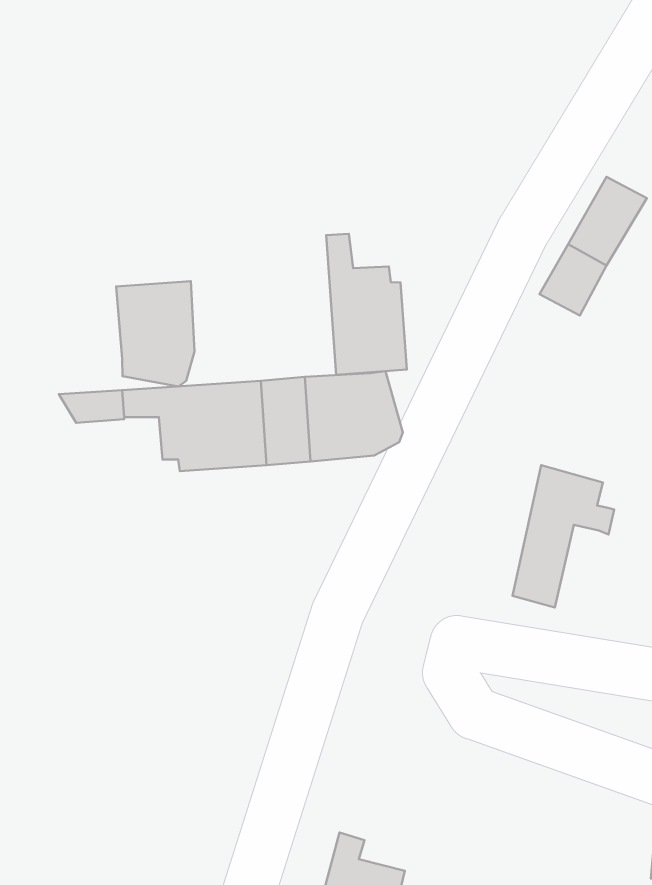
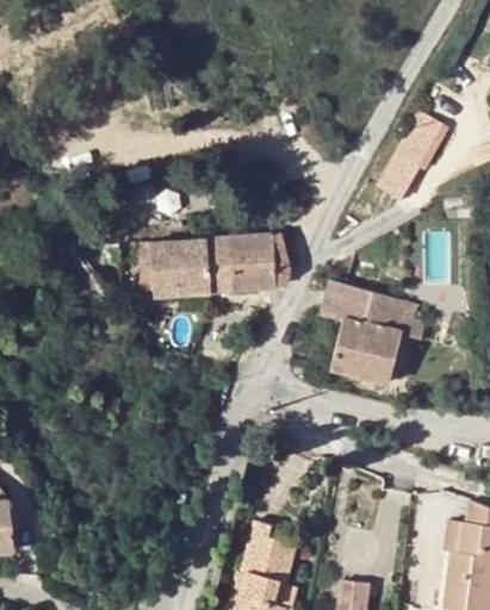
building: [326,234,407,375] -> none
building: [116,281,194,386] -> none
building: none -> [320,281,379,374]

